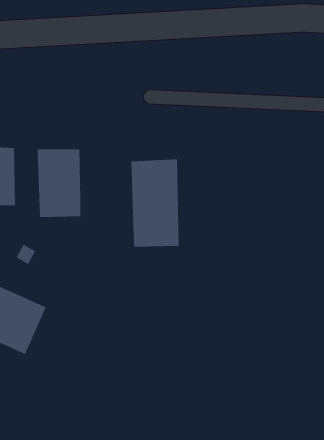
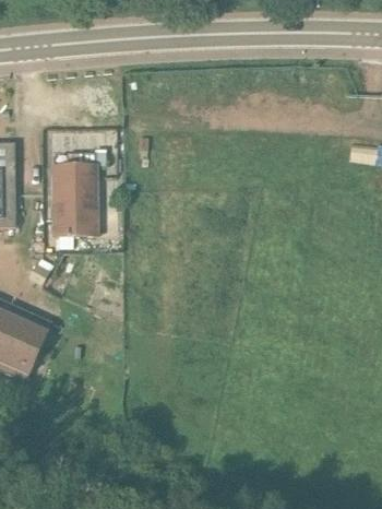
building: [131,158,179,248] -> none

